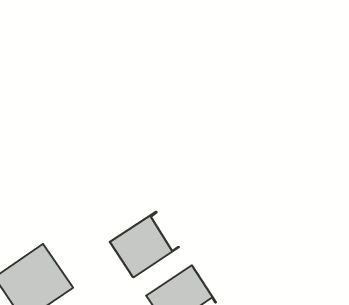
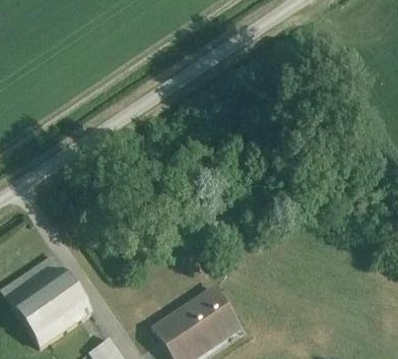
building: [110,212,179,277] -> none

